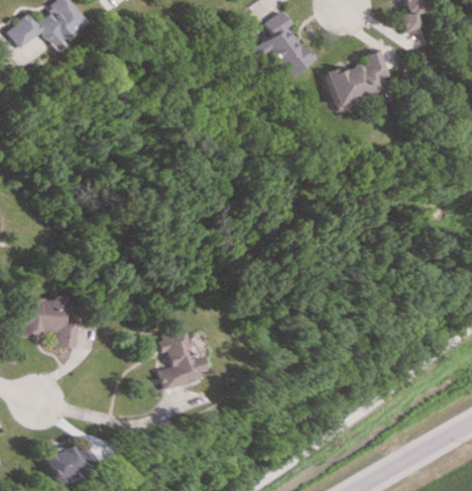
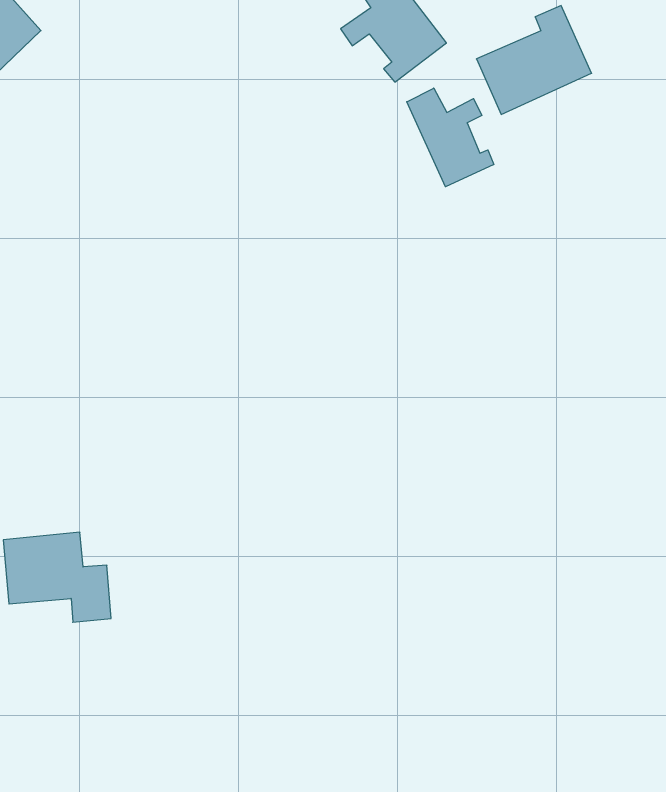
building: none -> [407,88,494,187]
building: [160,329,210,389] -> none

